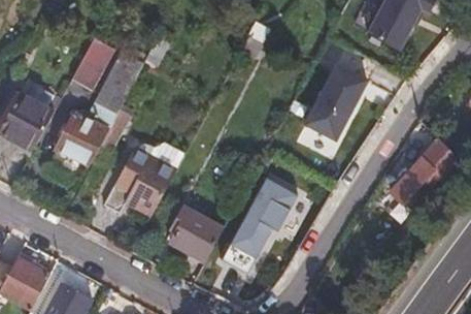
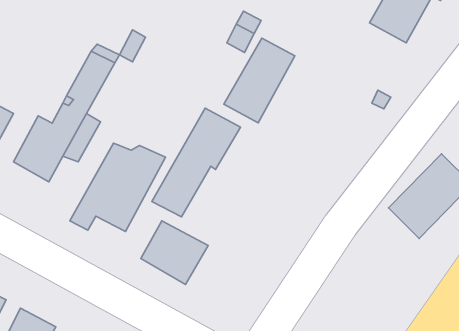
building: [70,40,113,91] -> none
building: [301,63,363,137] -> [224,38,295,123]
building: [222,176,299,271] -> [152,108,240,217]

